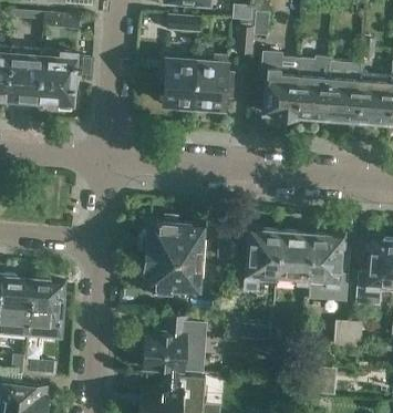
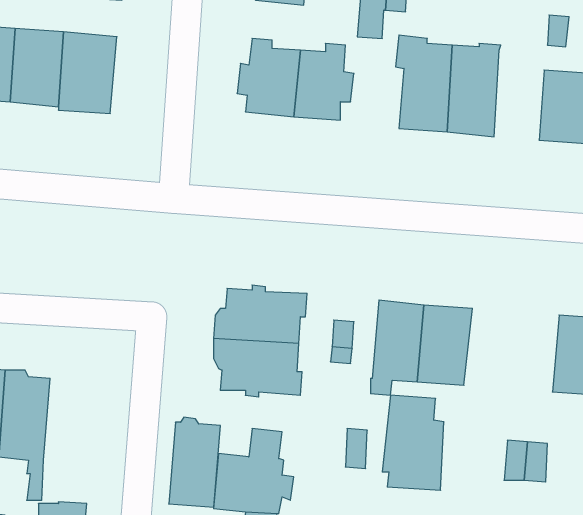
building: [329,63,363,123] -> none
building: [309,235,350,298] -> [382,395,444,490]
building: [30,278,64,338] -> [169,417,220,507]

